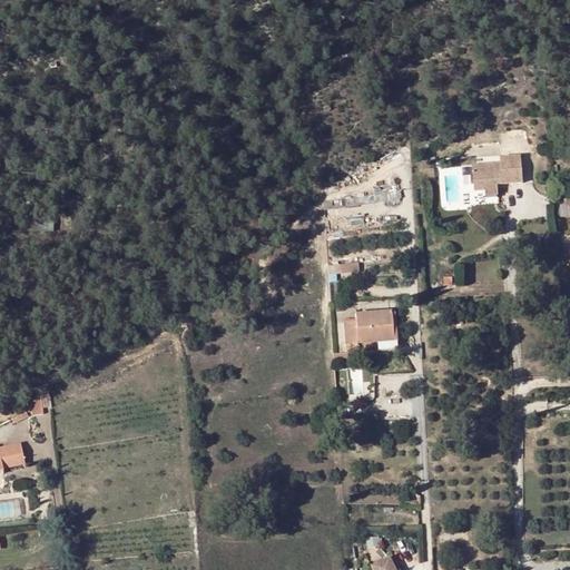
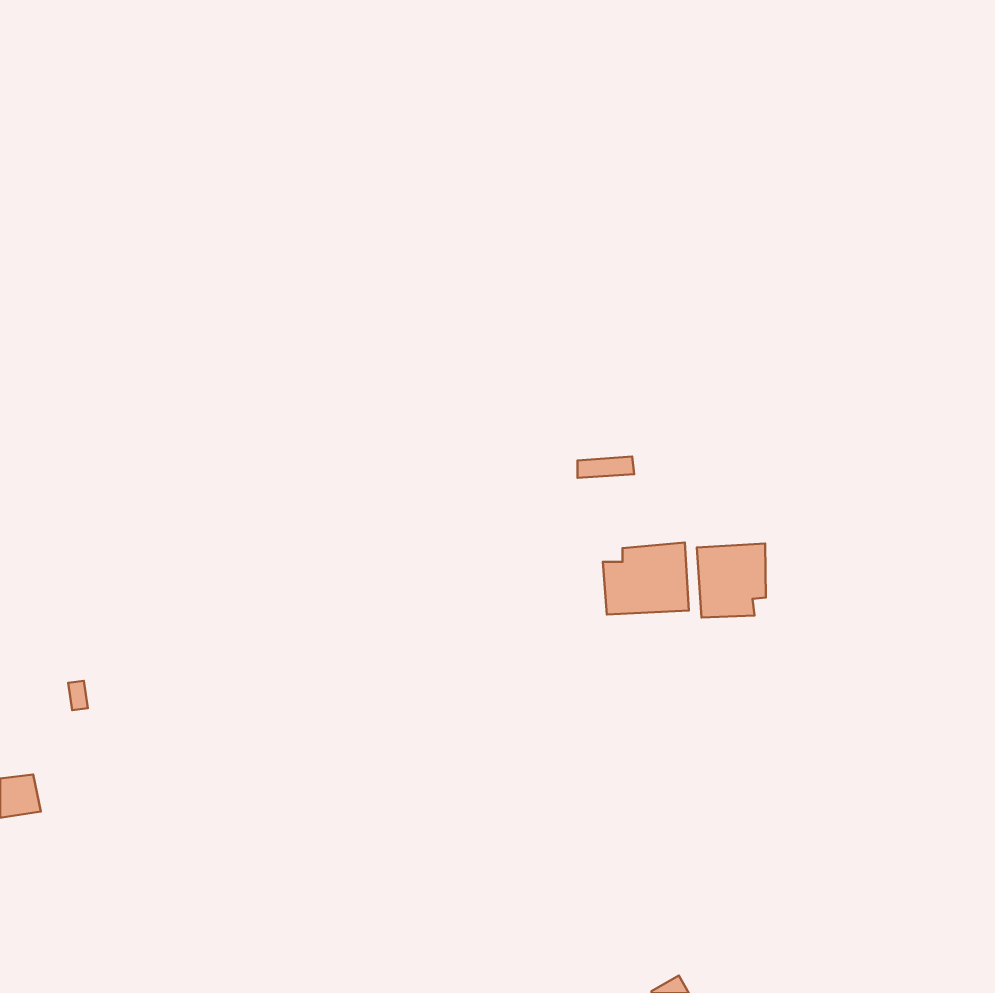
building: [470,150,521,189] -> none
building: none -> [697,544,766,618]

